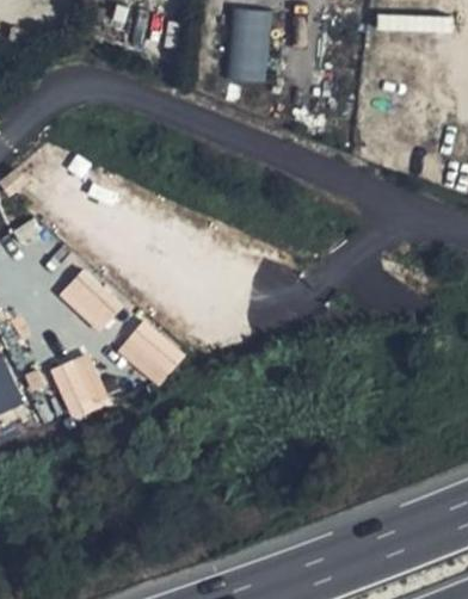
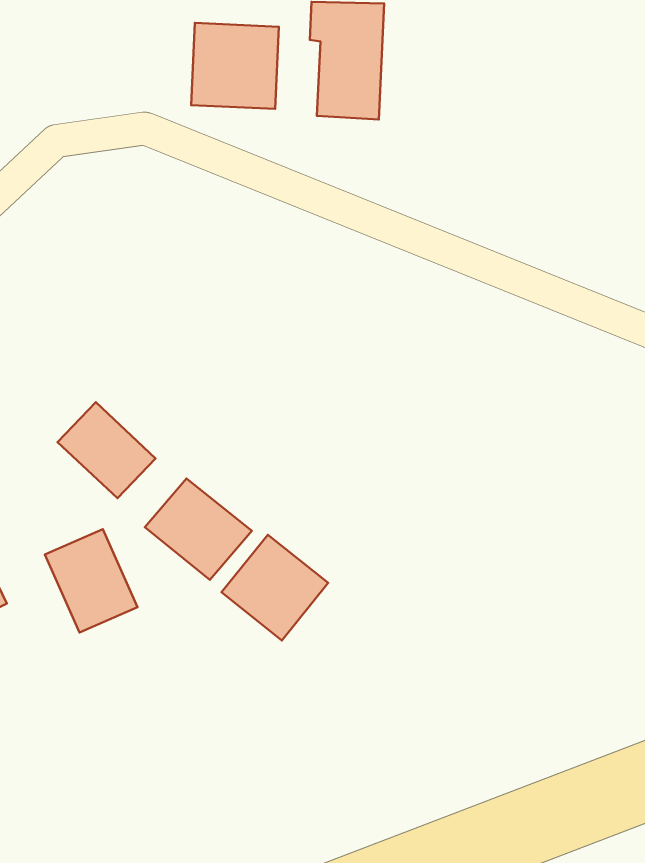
building: none -> [191,23,279,109]
building: none -> [222,535,328,640]

